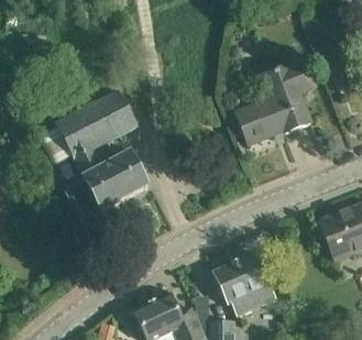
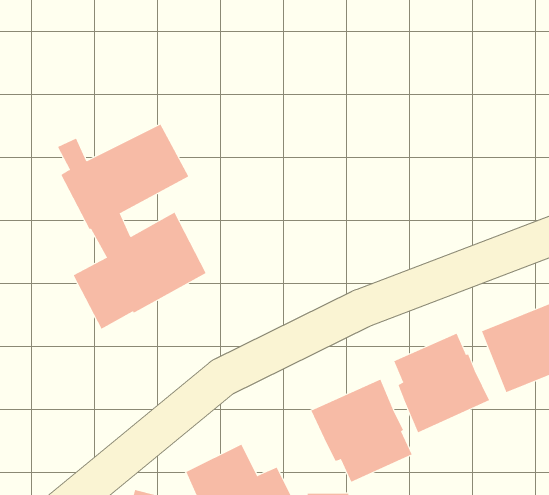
building: [237,61,315,143] -> none
building: none -> [393,333,490,433]

